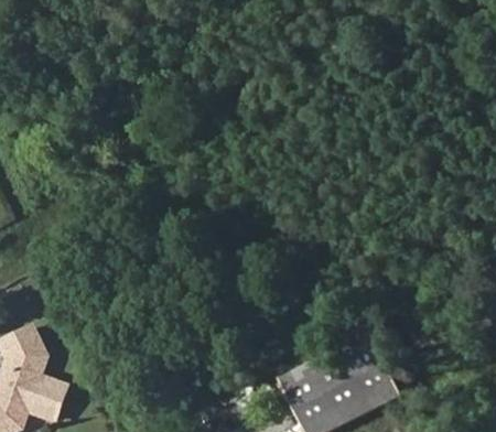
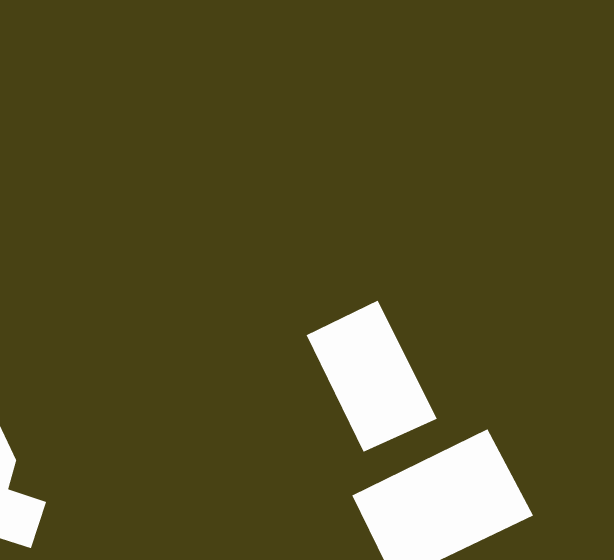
building: none -> [306,300,438,453]

